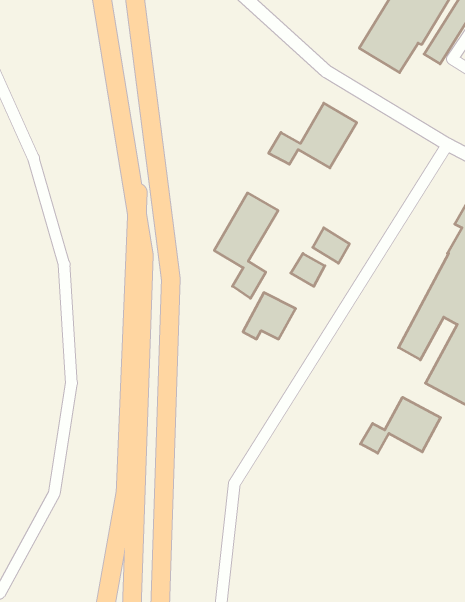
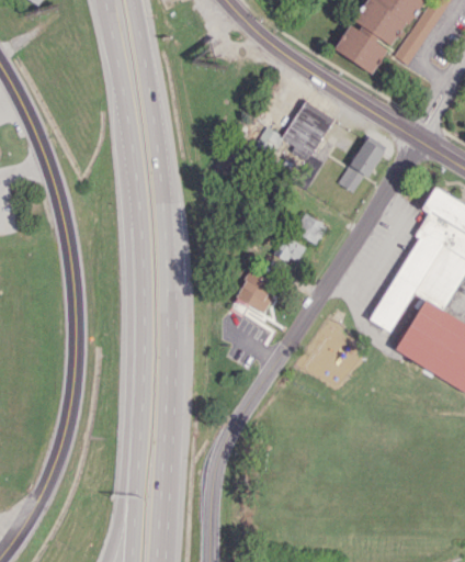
building: none -> [337,138,383,193]
building: [214,193,278,298] -> none
building: [360,397,441,453] -> none

